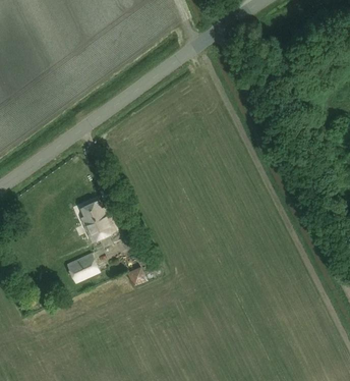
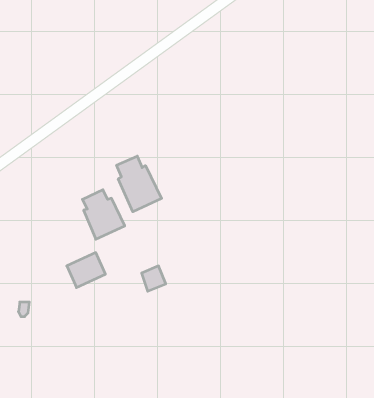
building: none -> [117,156,162,212]

